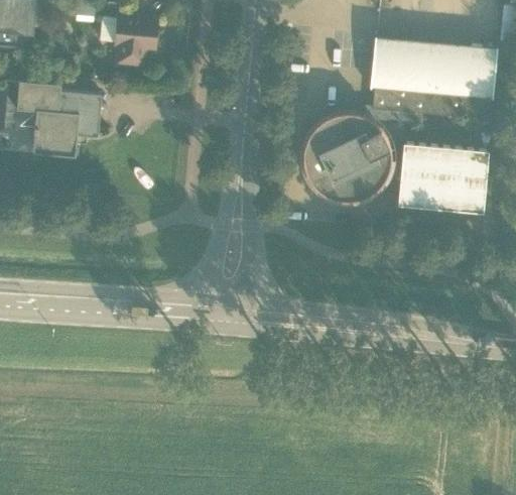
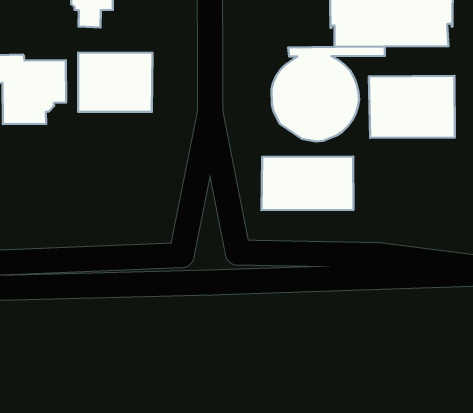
building: none -> [78,53,152,112]
building: none -> [261,156,354,210]

